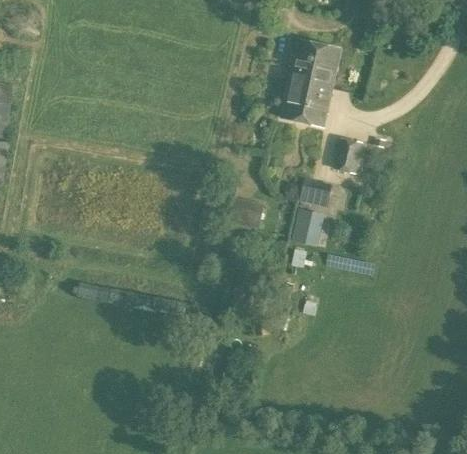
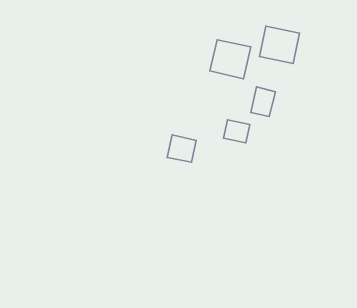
building: [289,40,339,87] -> [259,26,300,64]
building: [292,209,323,246] -> none

